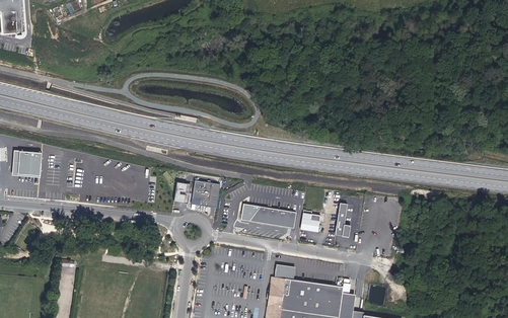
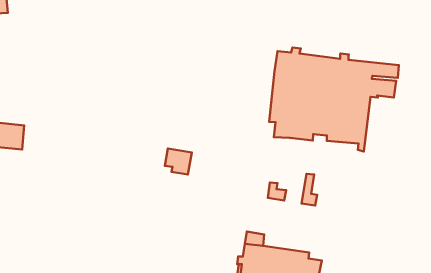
building: none -> [269,47,399,152]
building: [241,204,294,228] -> none

